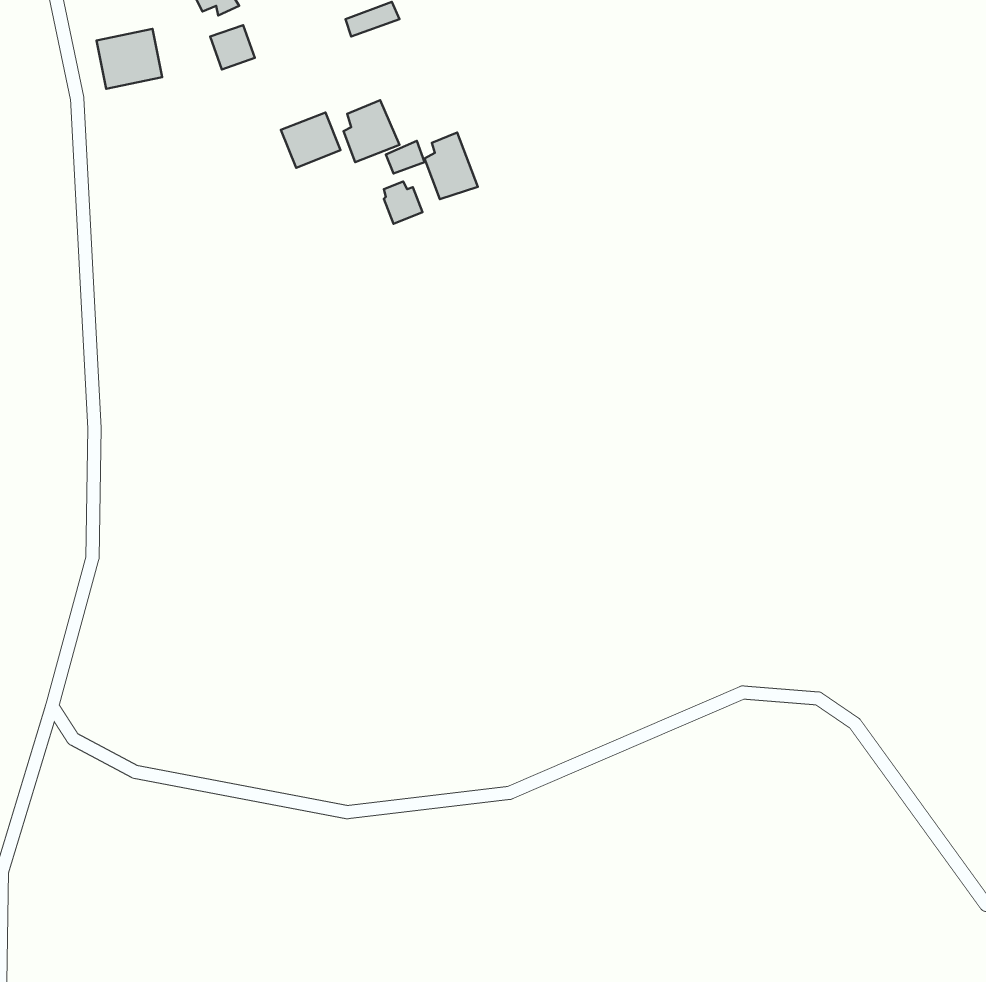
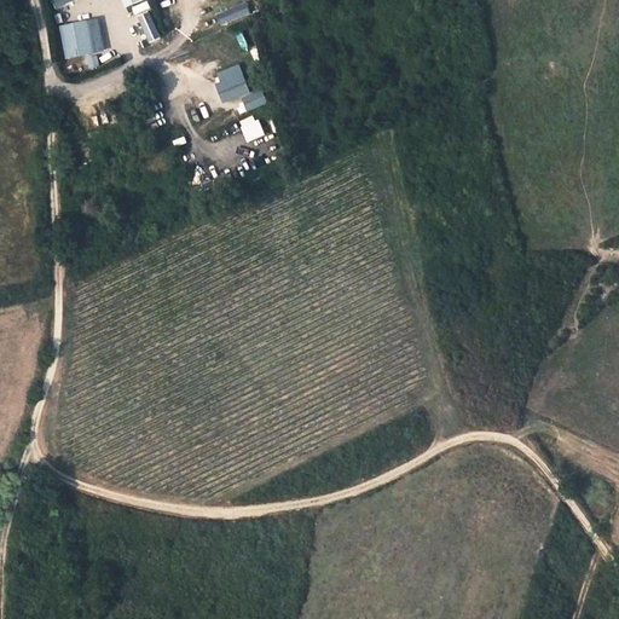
building: [281,113,340,168] -> none
building: [425,132,478,199] -> none

